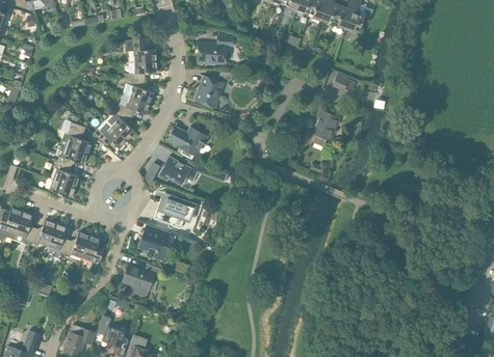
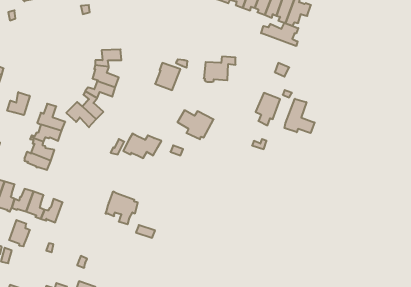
building: none -> [261,23,298,46]
building: [197,35,233,64] -> [204,57,236,82]
building: [124,36,155,60] -> none
building: none -> [7,92,30,115]
building: none -> [284,99,315,133]
building: [166,125,208,158] -> [177,110,214,139]
building: [157,192,196,227] -> none
building: [80,235,104,265] -> [9,220,30,246]
building: [122,263,160,295] -> none

